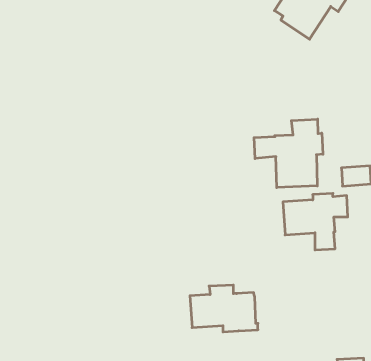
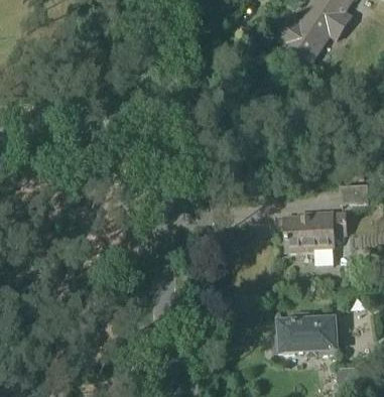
building: [254,119,323,188] -> none
building: [190,285,258,332] -> [275,311,340,356]

